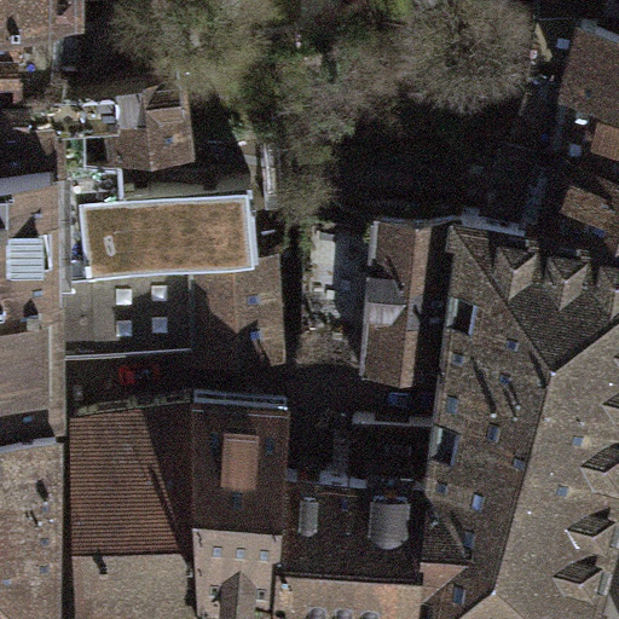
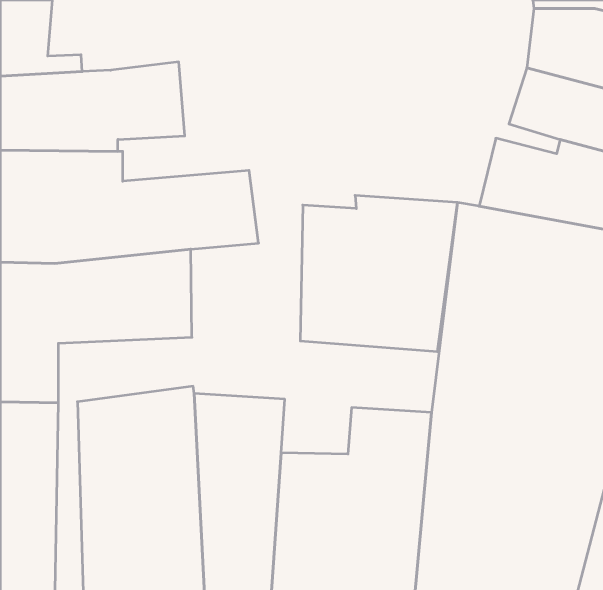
building: [199,266,272,368] -> none

